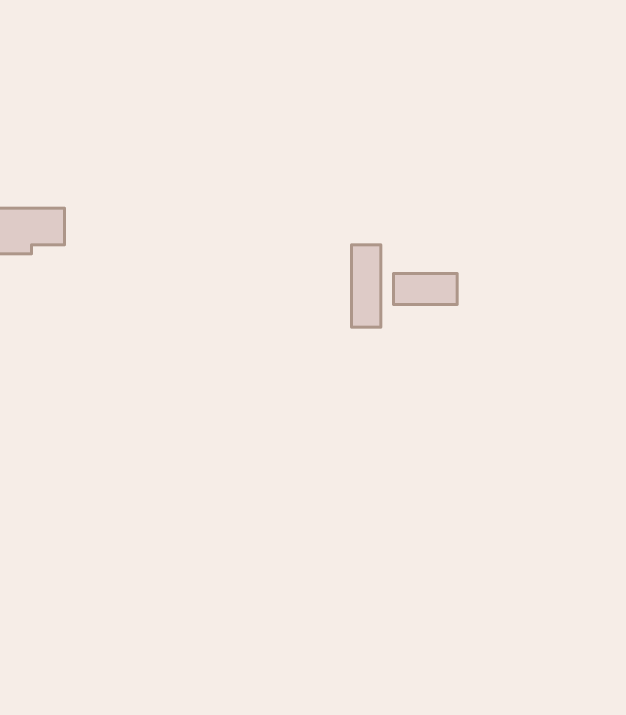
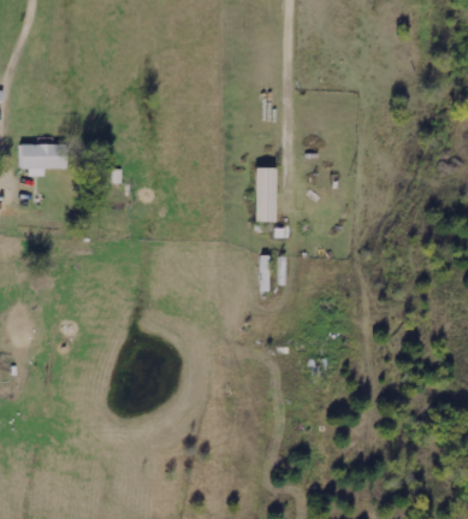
building: [394,274,457,304] -> none

